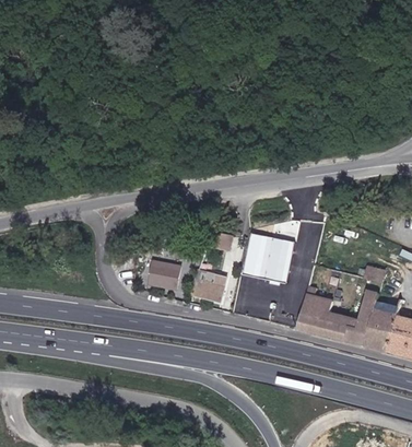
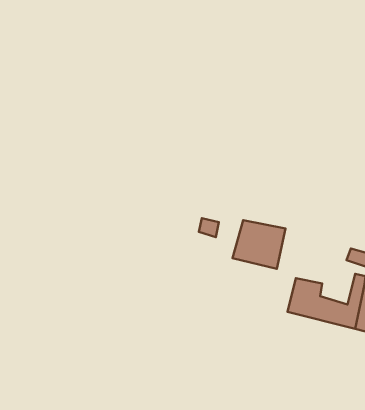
building: [148,261,183,289] -> none
building: [188,268,223,303] -> none

